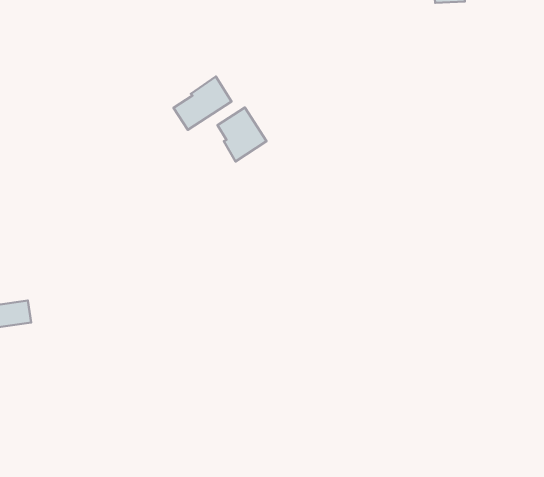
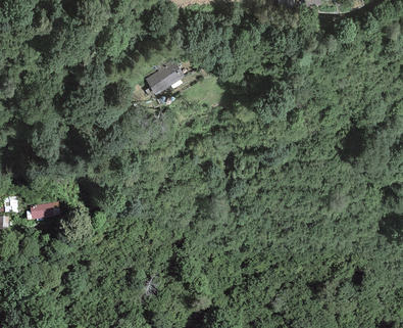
building: [217,107,267,161] -> none

